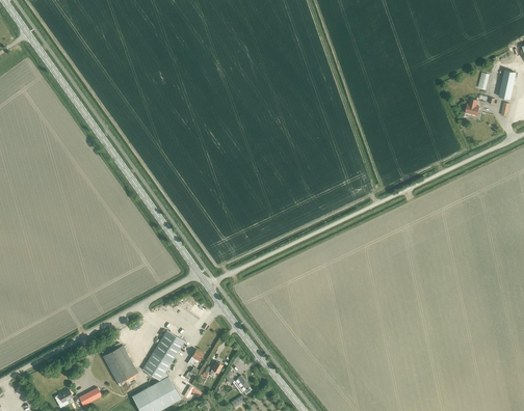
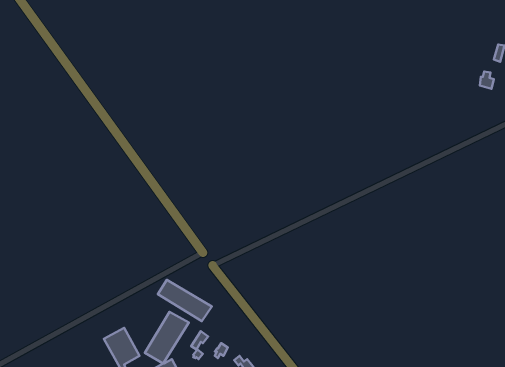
building: none -> [158,280,212,321]

